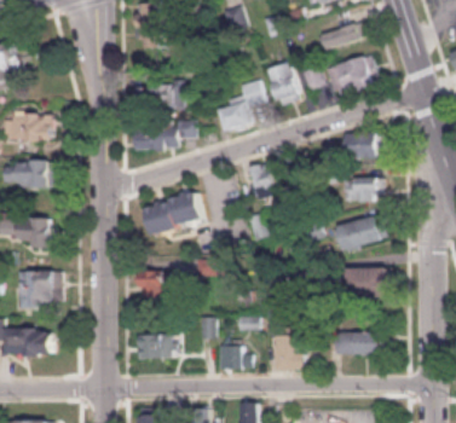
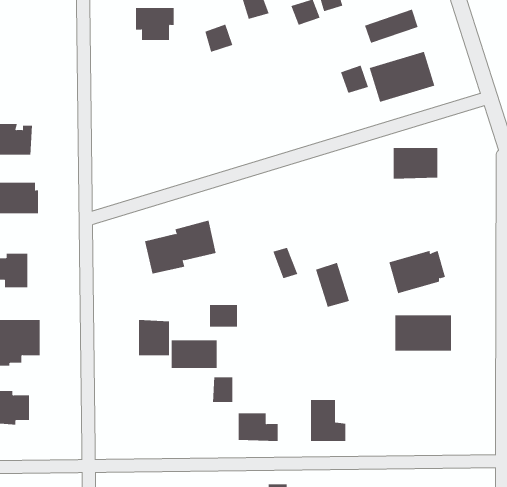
building: [265,64,296,100] -> none
building: [150,80,183,110] -> none
building: [215,80,265,131] -> none
building: [131,121,194,149] -> none
building: [246,162,273,198] -> [315,262,350,307]
building: [341,178,381,201] -> none
building: [340,332,380,354] -> none
building: [137,335,174,358] -> [171,340,217,368]

